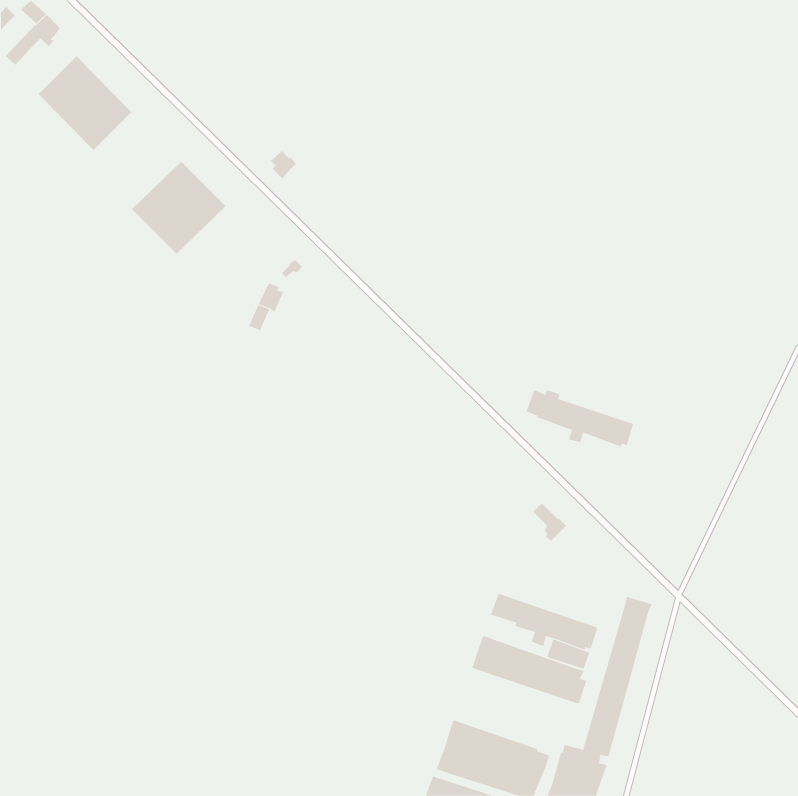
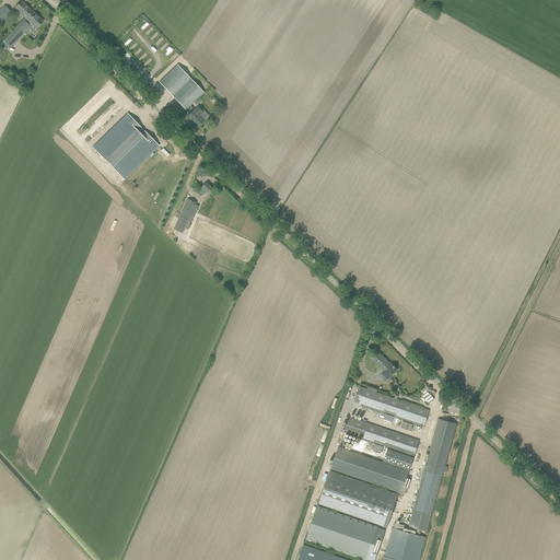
building: [38,56,132,151] -> none
building: none -> [159,63,203,108]
building: [526,389,634,447] -> [353,385,429,425]
building: none -> [318,469,398,526]

